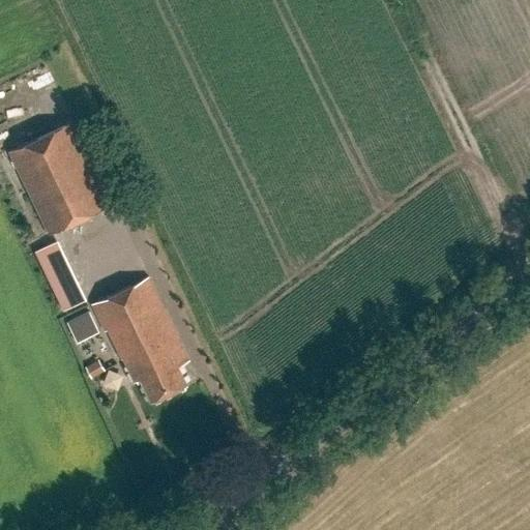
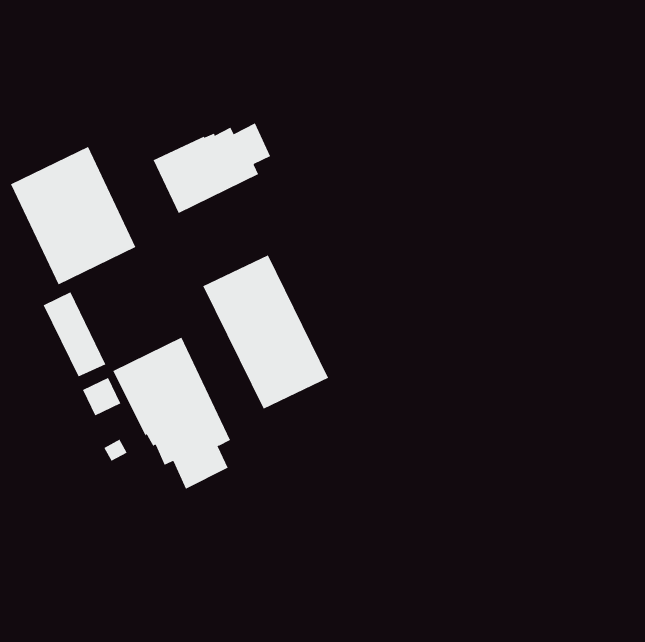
building: none -> [153,123,271,214]
building: none -> [203,254,329,409]

